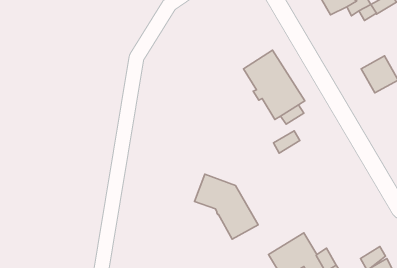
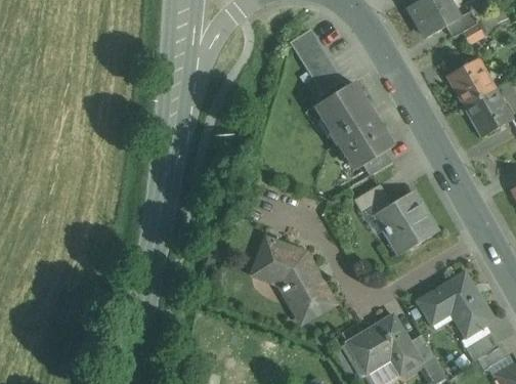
building: none -> [290,30,342,93]
building: none -> [447,58,494,105]
building: none -> [377,193,435,253]
building: none -> [415,271,494,338]

